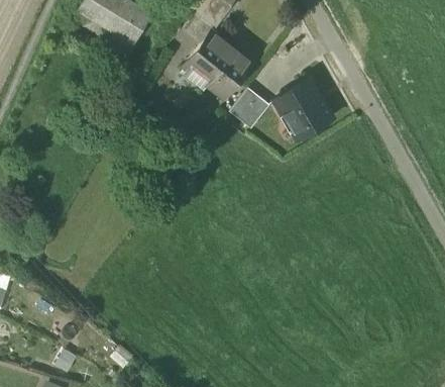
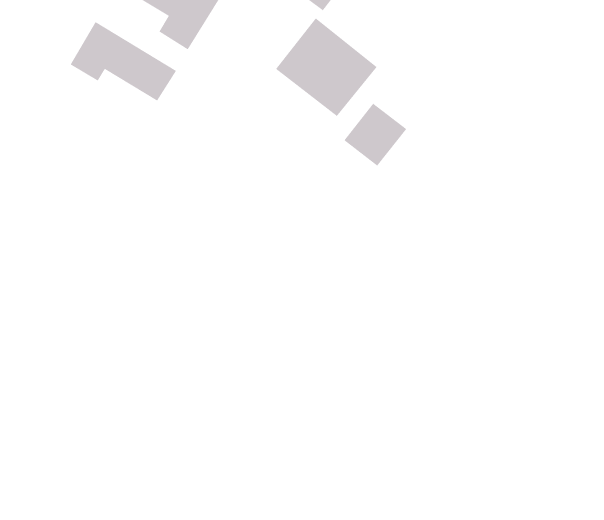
building: none -> [70,21,177,102]
building: [273,79,332,139] -> none

